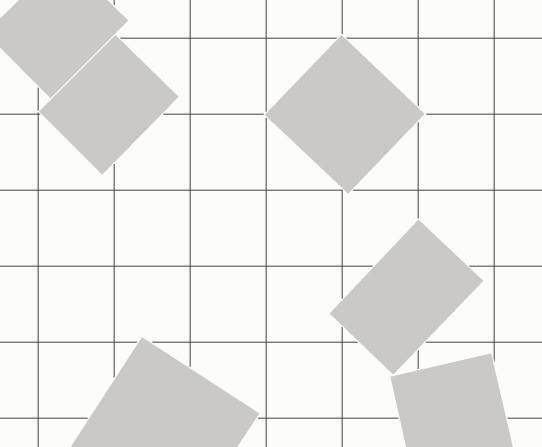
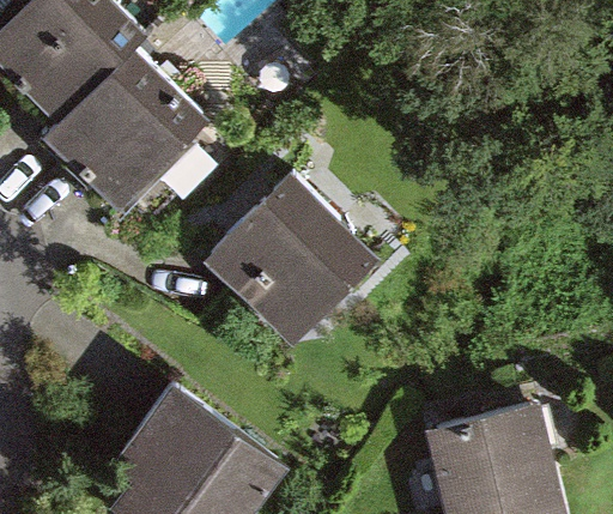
building: [264,34,426,195] -> [204,170,376,341]
building: [329,219,484,376] -> none

